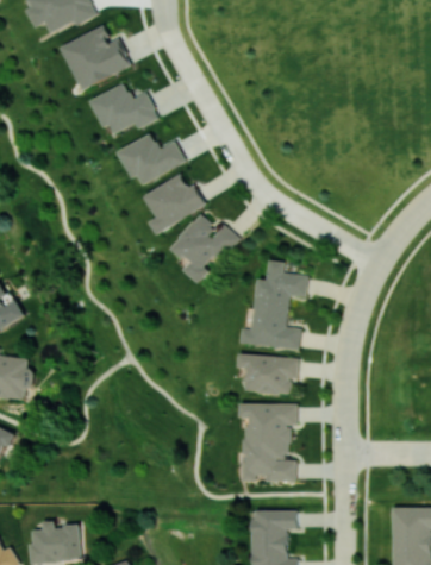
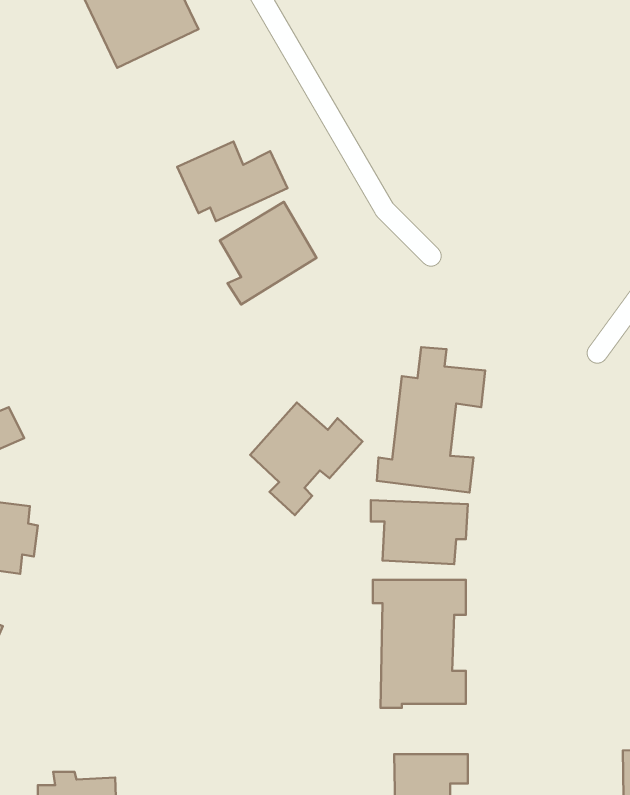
building: [89,82,158,133] -> none
building: [170,214,239,283] -> [250,403,363,515]

